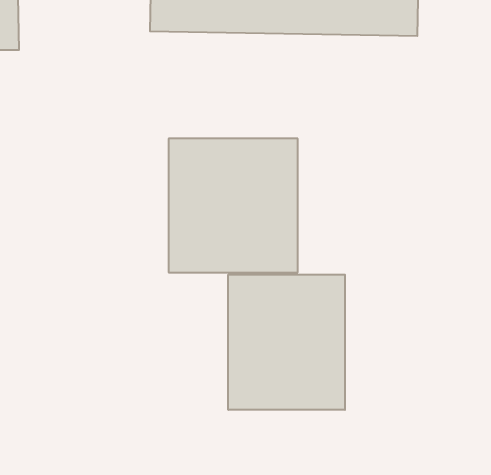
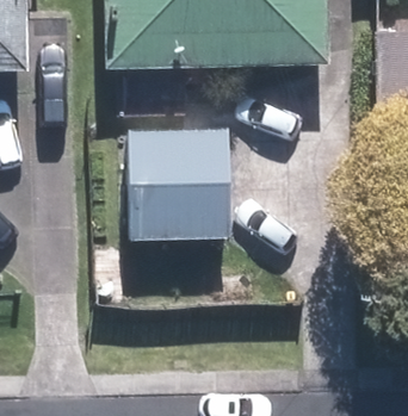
building: [228,275,345,410] -> none

